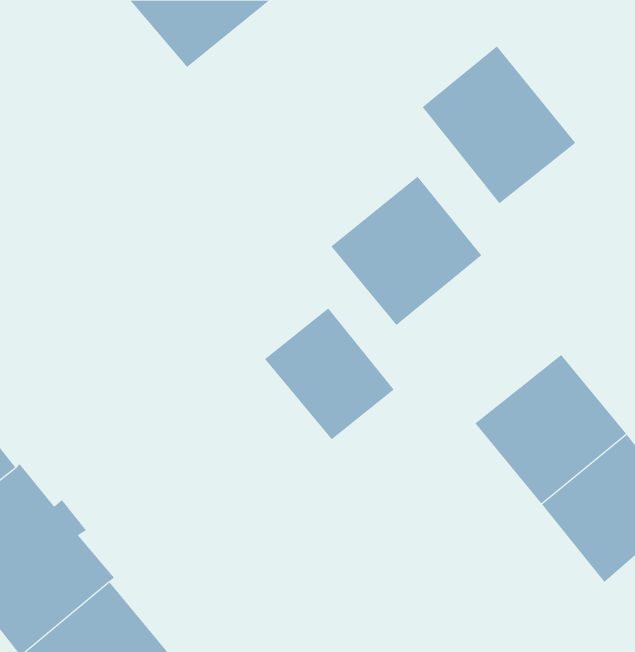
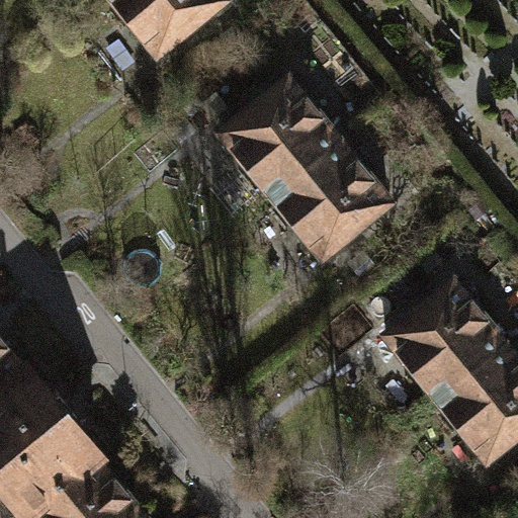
building: [422,46,576,204] -> none
building: none -> [221,80,340,197]
building: [264,308,394,440] -> none

